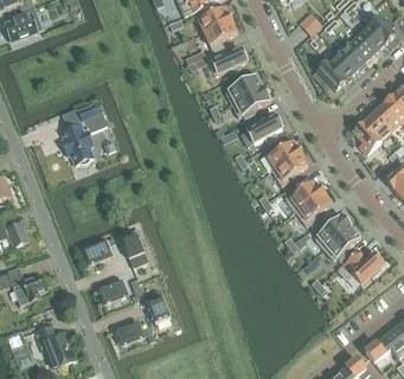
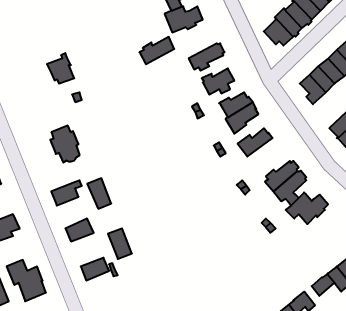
building: [224,73,262,103] -> [139,37,174,64]
building: [60,123,92,163] -> [50,126,80,163]
building: [295,190,329,225] -> none

